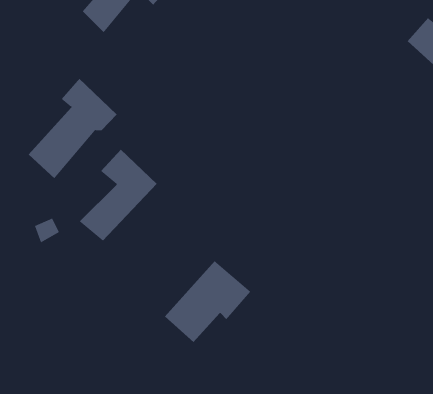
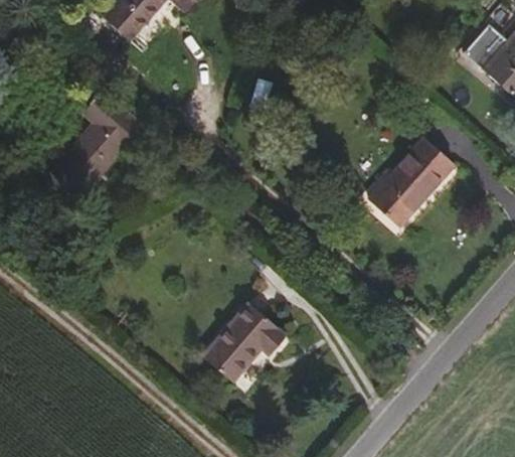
building: none -> [367,138,453,227]
building: [79,149,157,241] -> none

